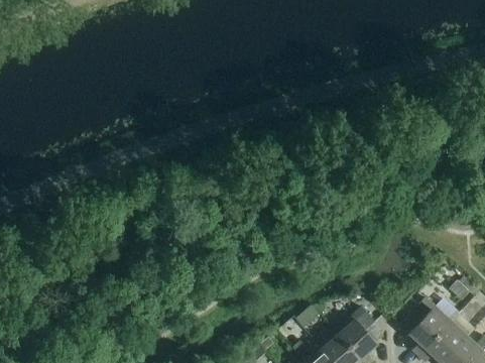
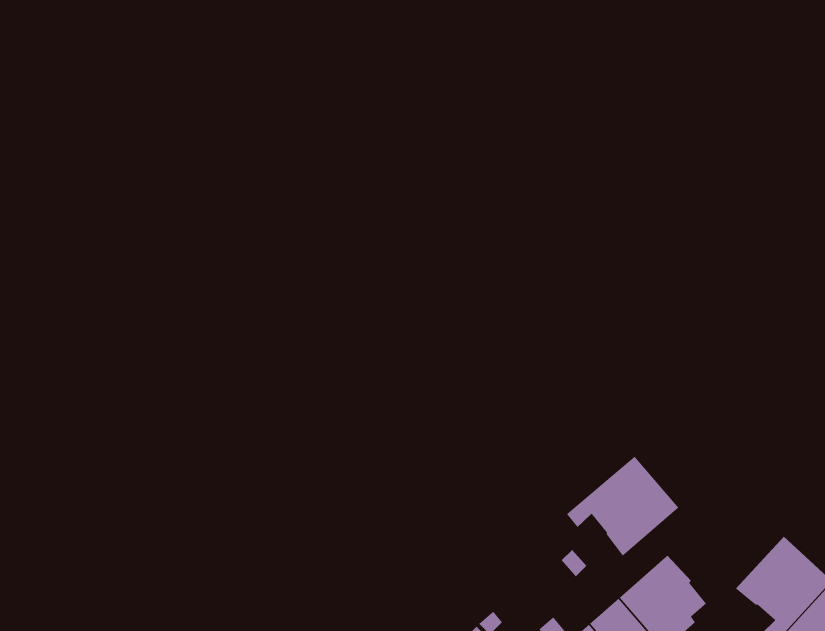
building: none -> [566,456,679,556]

